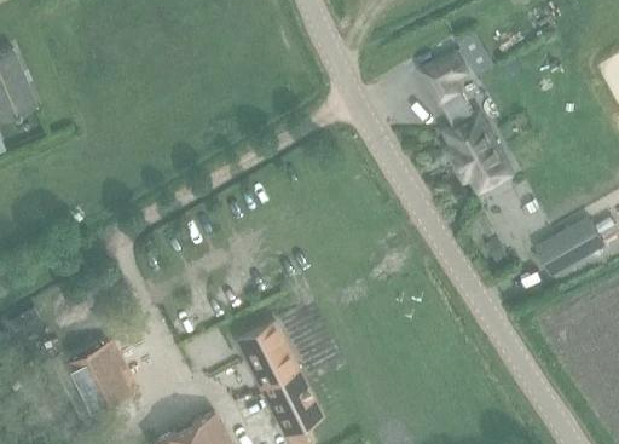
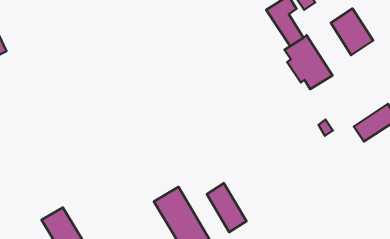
building: none -> [331,8,373,55]
building: none -> [207,183,247,232]

